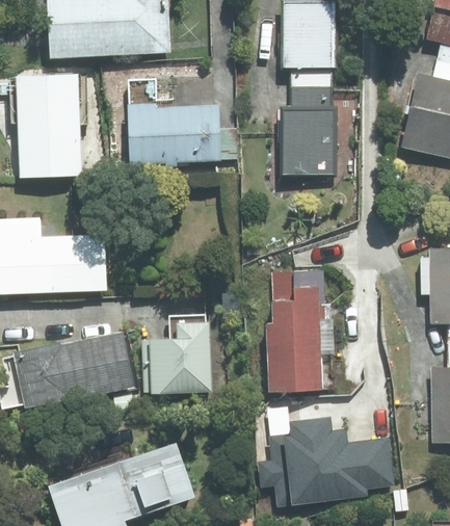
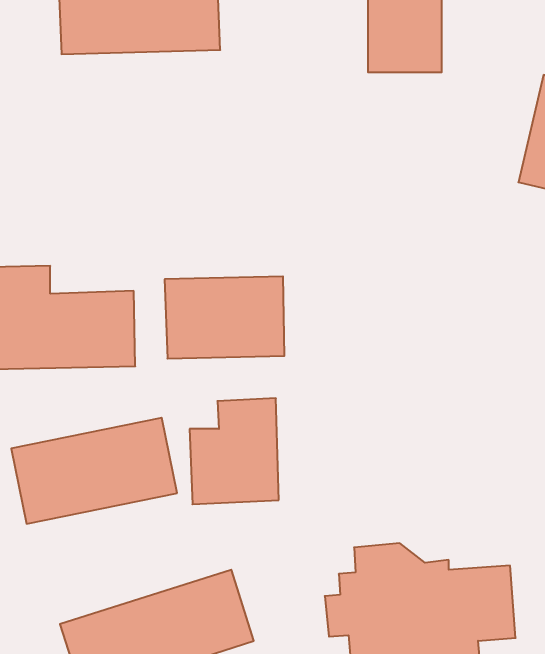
building: [17,73,82,176] -> none
building: [128,103,217,164] -> [165,276,284,359]
building: [279,107,333,182] -> none
building: [266,273,323,390] -> none

